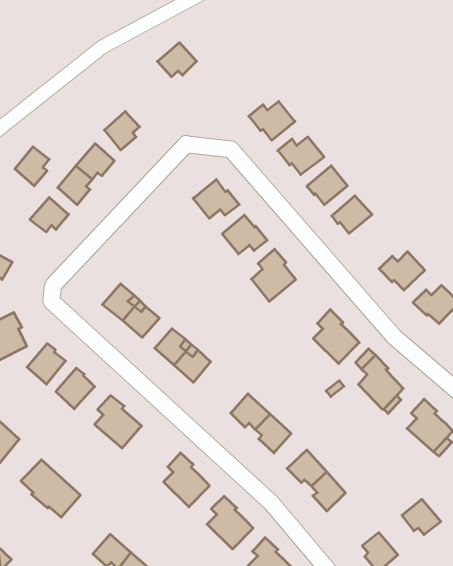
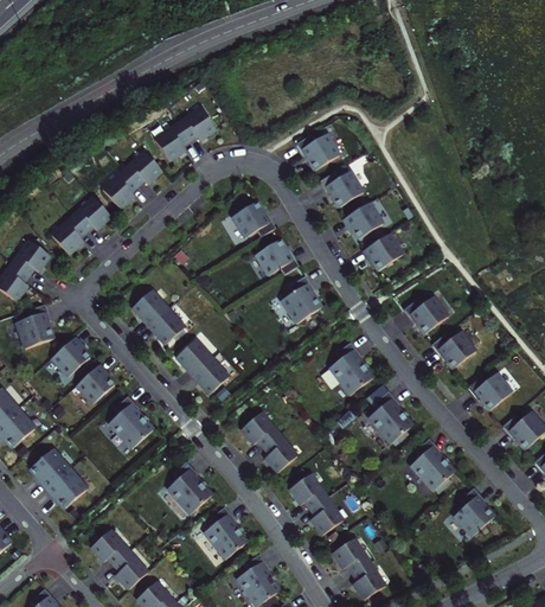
building: [157,43,197,77] -> [178,108,216,140]
building: [15,147,49,186] -> [52,216,86,254]
building: [402,499,441,535] -> [333,538,370,573]

